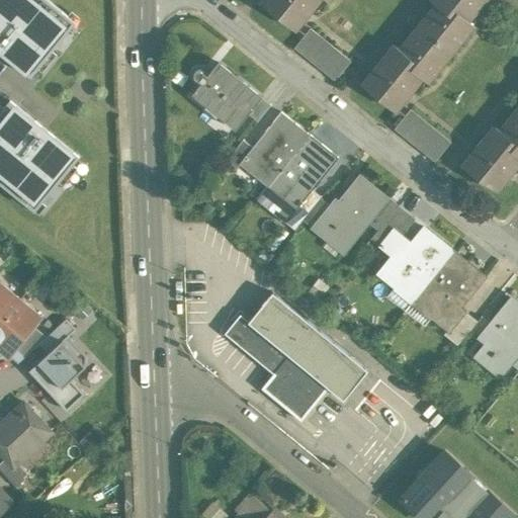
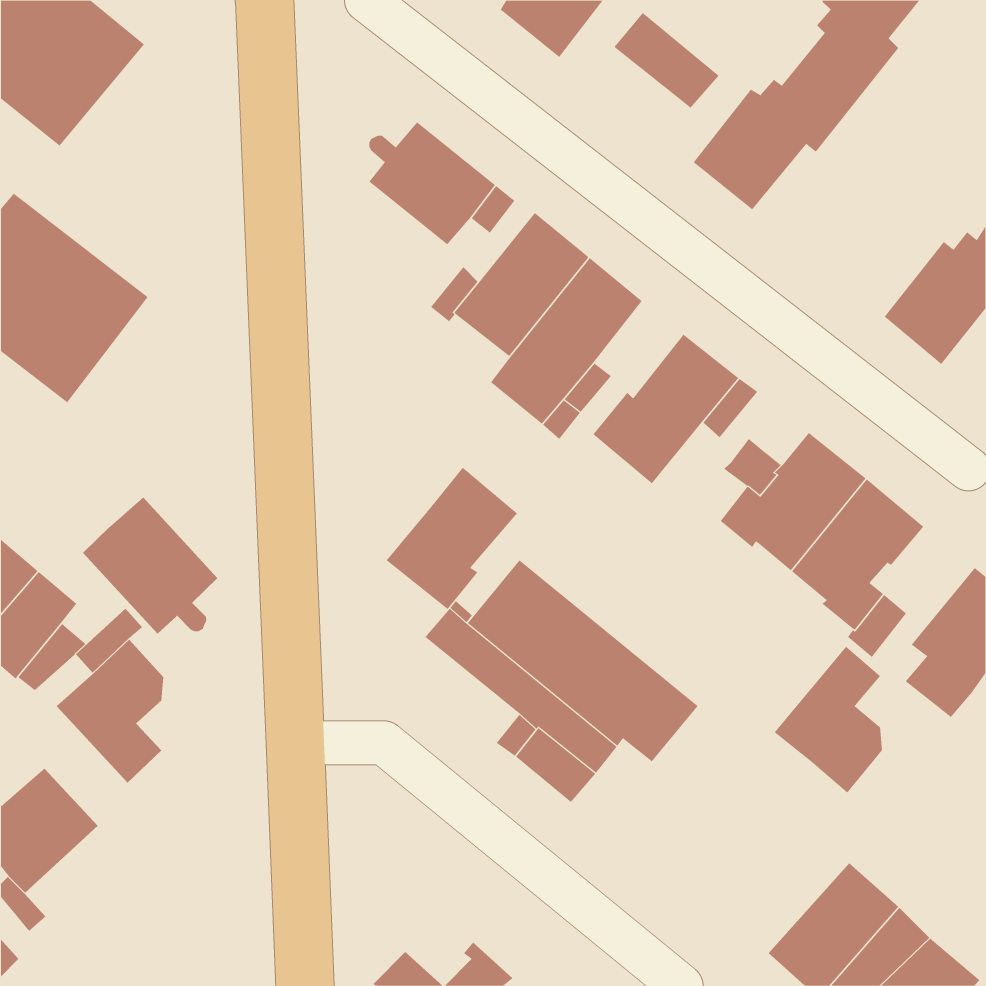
building: [293,29,349,80] -> [613,12,720,109]
building: [396,109,449,160] -> none
building: [373,205,414,243] -> none
building: none -> [386,467,518,610]
building: none -> [82,497,218,634]
building: none -> [774,646,882,794]

